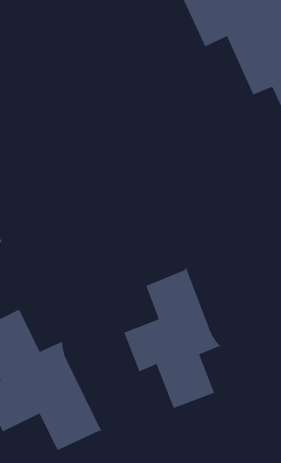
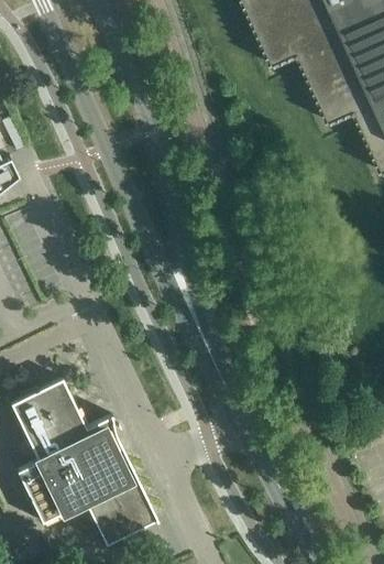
building: [124,268,221,409] -> none

